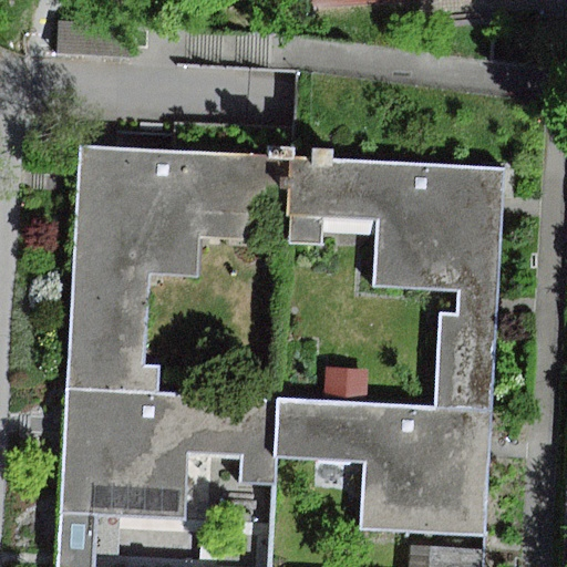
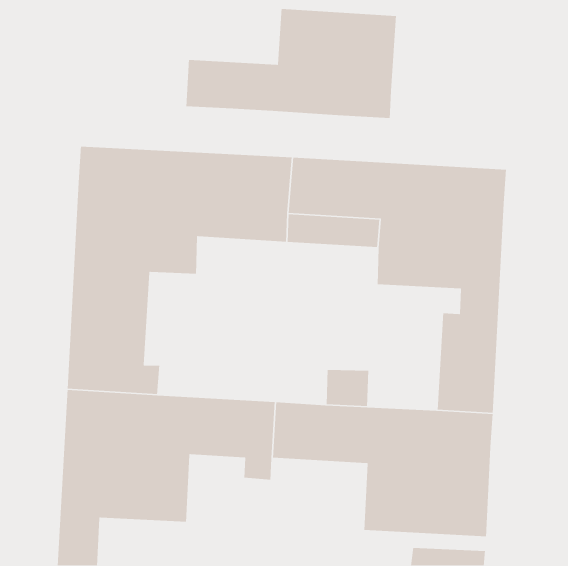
building: none -> [185,8,397,119]

